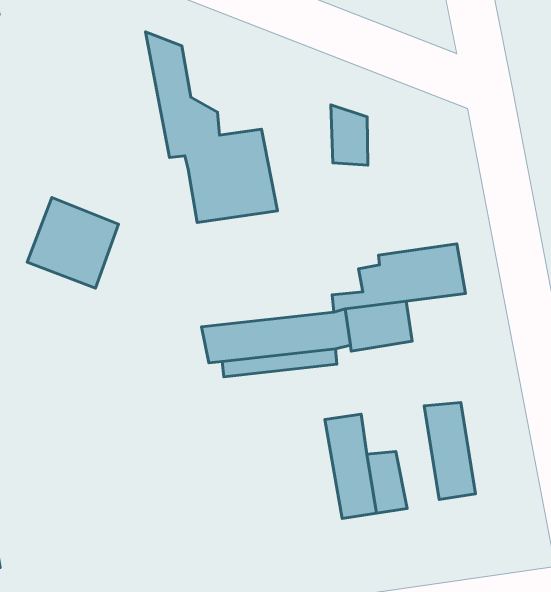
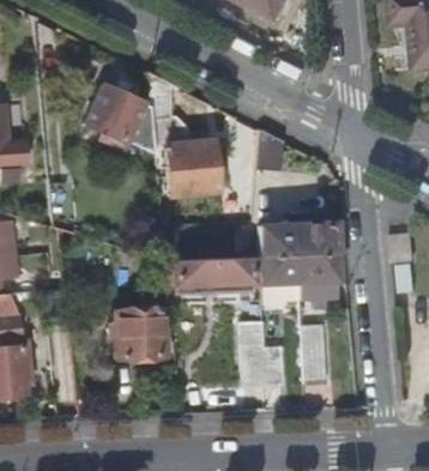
building: [27,198,118,288] -> [86,85,145,144]
building: none -> [295,256,336,302]
building: none -> [114,313,167,362]

